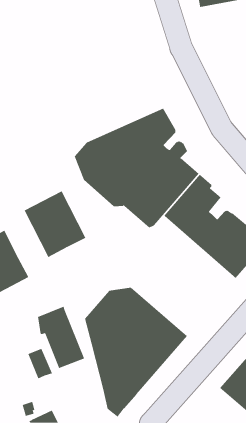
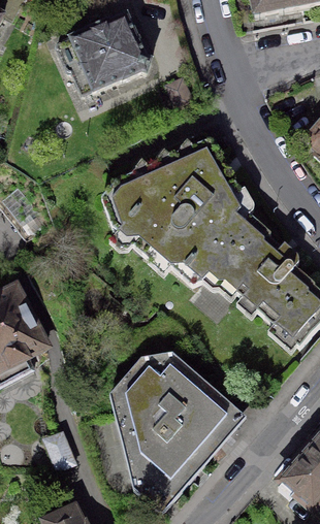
building: none -> [56,15,151,95]
building: [24,190,86,258] -> none
building: [37,306,85,369] -> none

